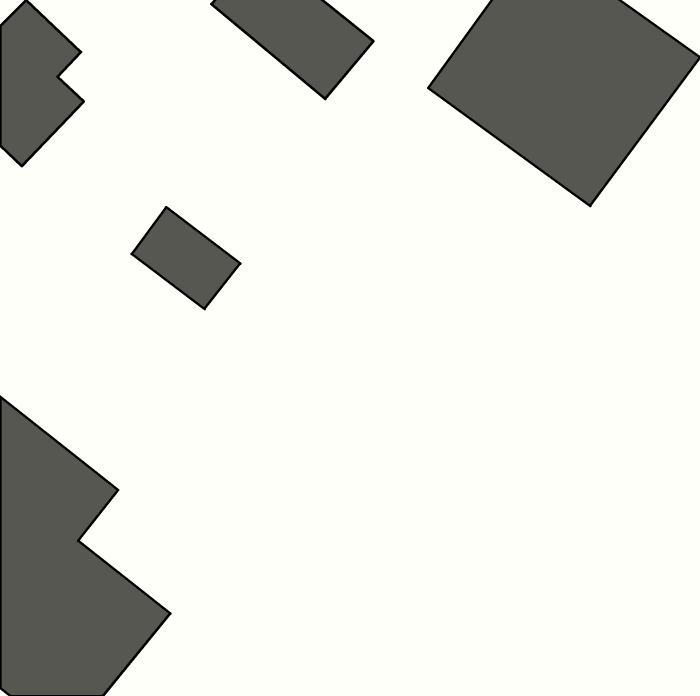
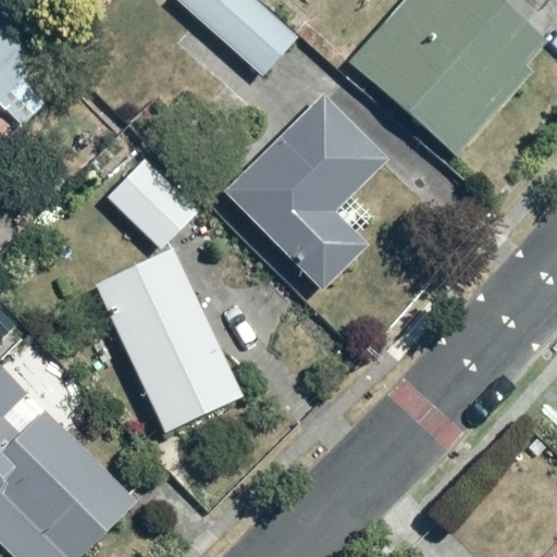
building: none -> [214,84,395,294]
building: none -> [91,247,240,434]

